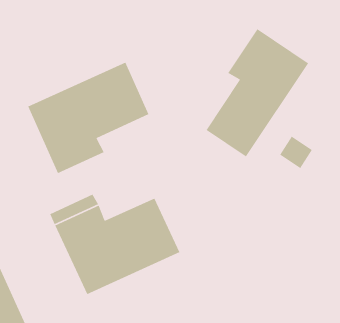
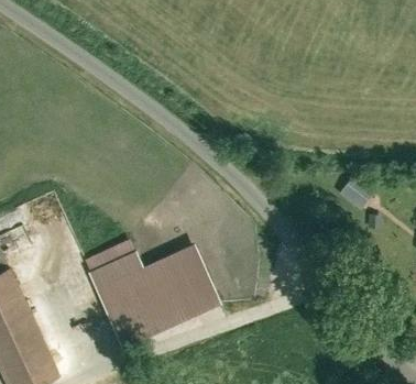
building: [206,28,309,158] -> none
building: [27,61,150,174] -> none

